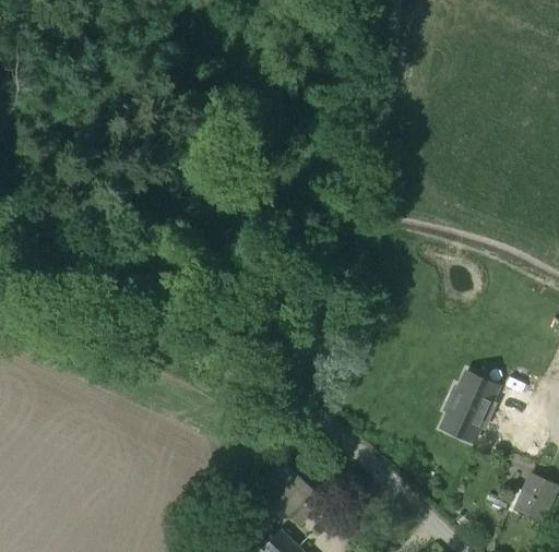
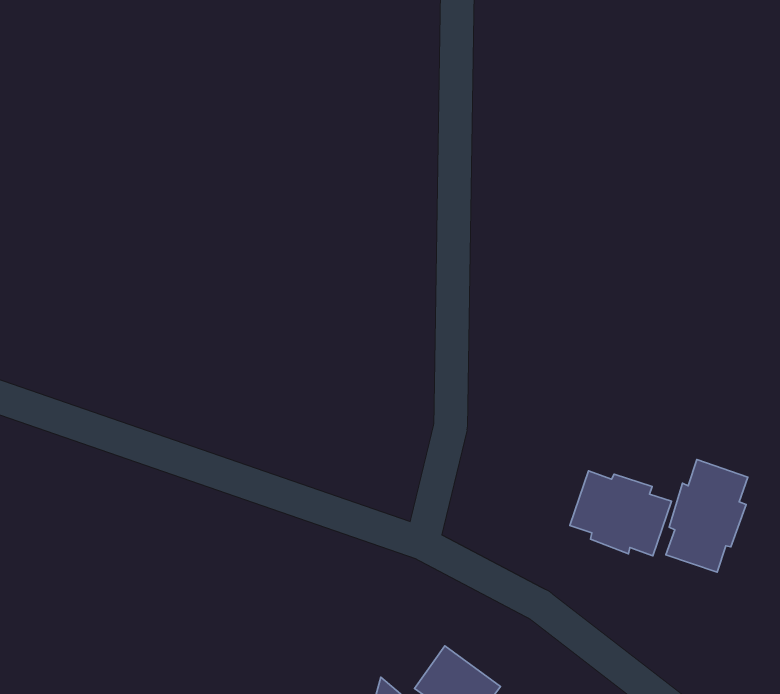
building: none -> [570,471,672,556]

